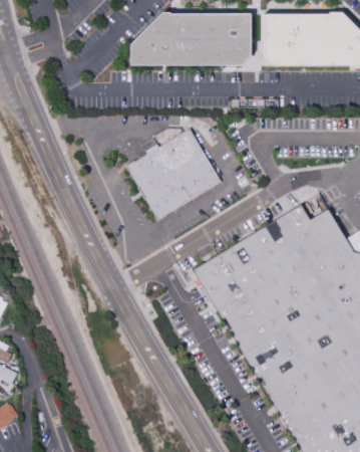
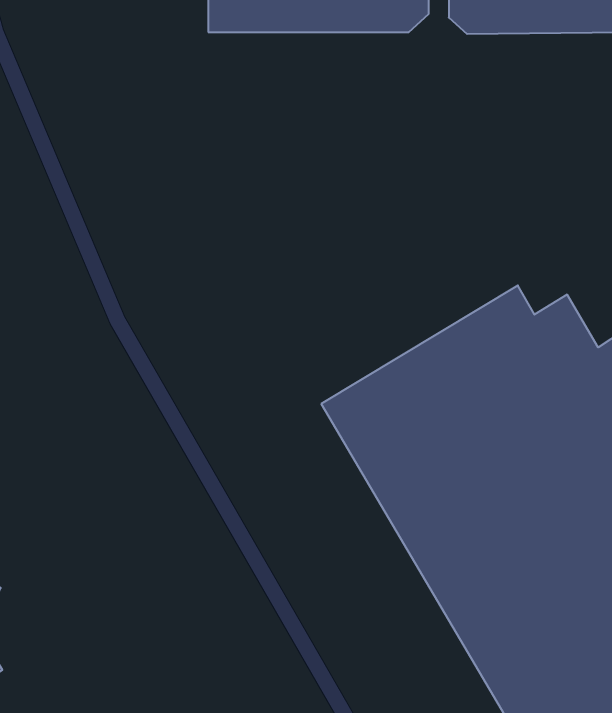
building: [125,128,222,221] -> none

